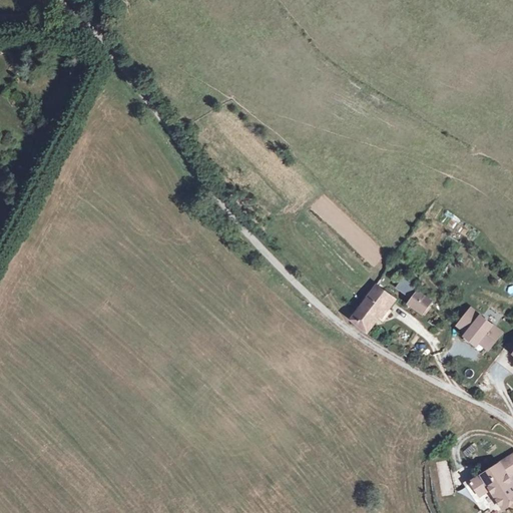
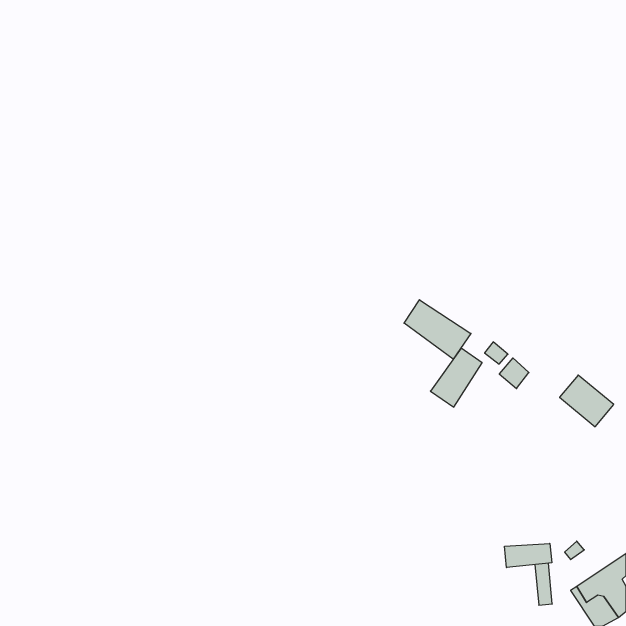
building: none -> [404,300,471,359]
building: none -> [505,543,552,568]

